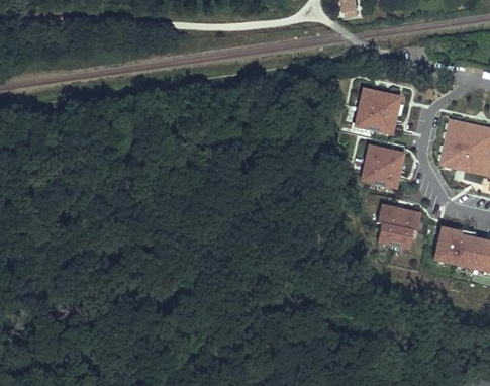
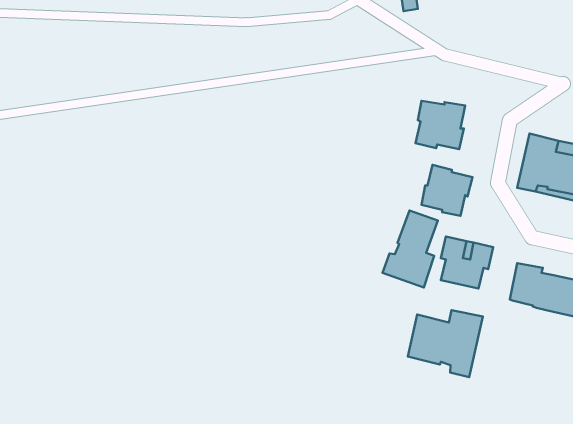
building: none -> [382,211,438,288]
building: none -> [408,310,483,377]

